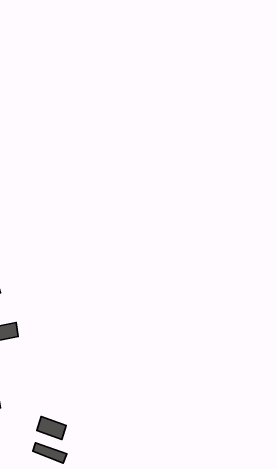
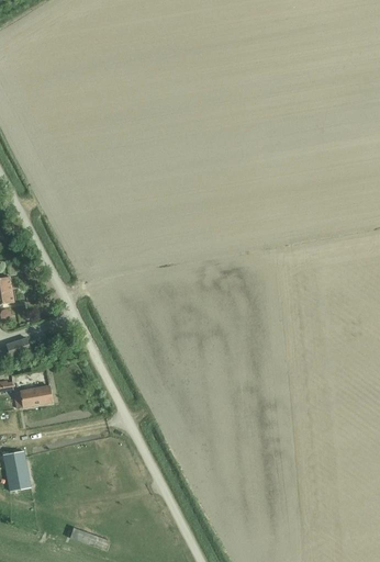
building: [37,417,66,439] -> none

